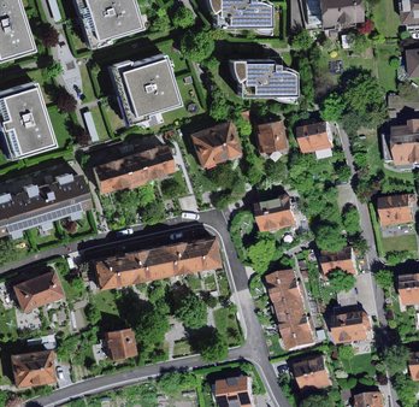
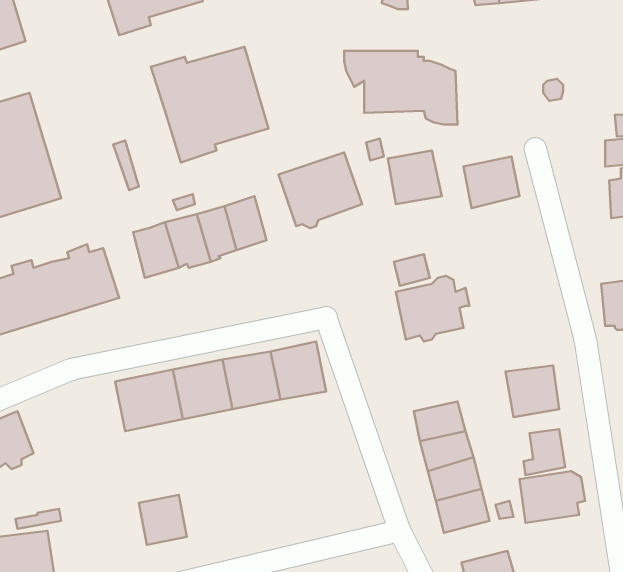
building: [28,269,59,301] -> none

